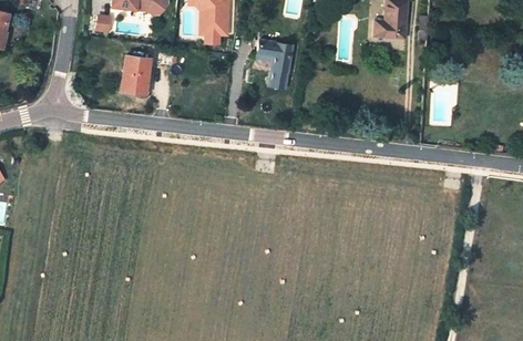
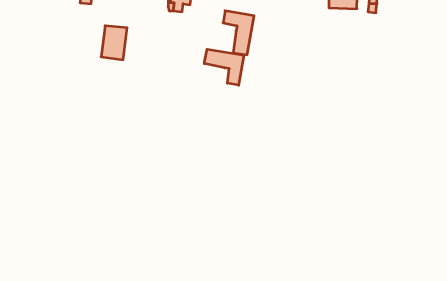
building: none -> [204,49,244,85]

